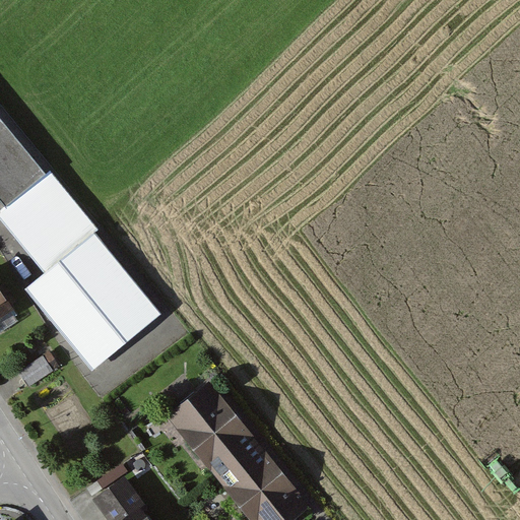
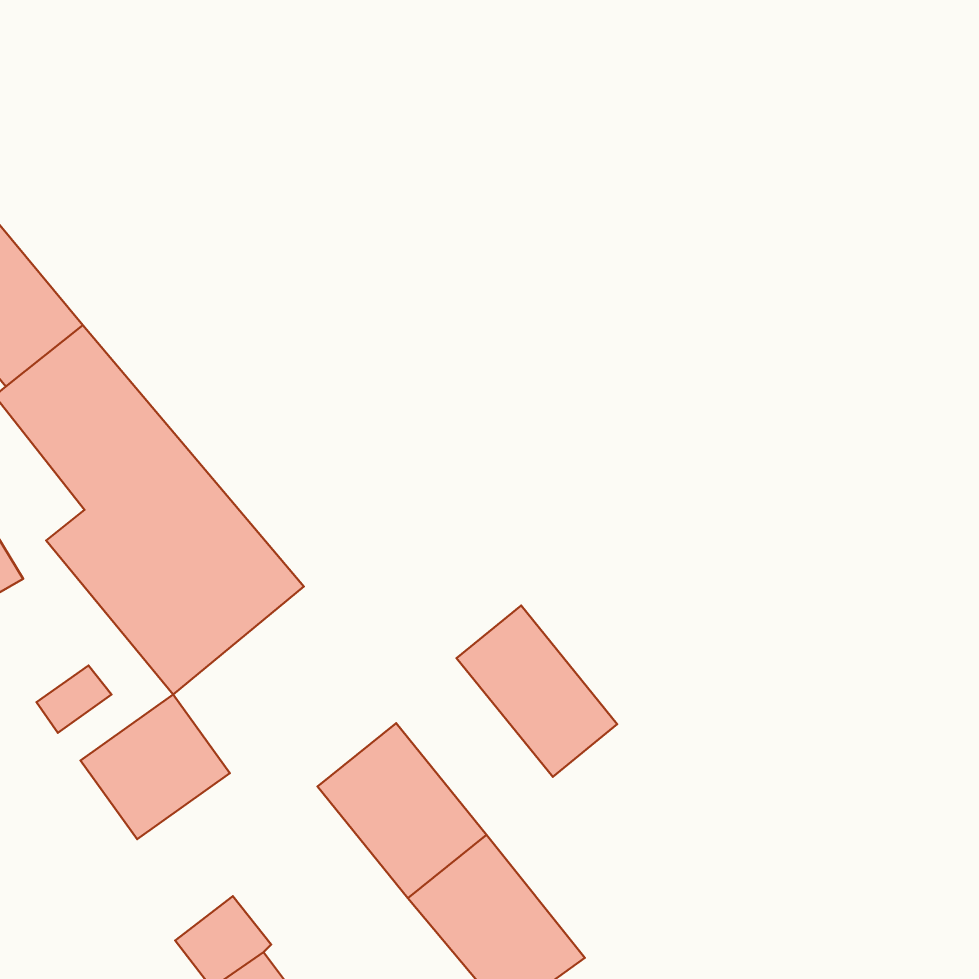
building: none -> [457,605,617,777]
building: none -> [81,694,230,839]

